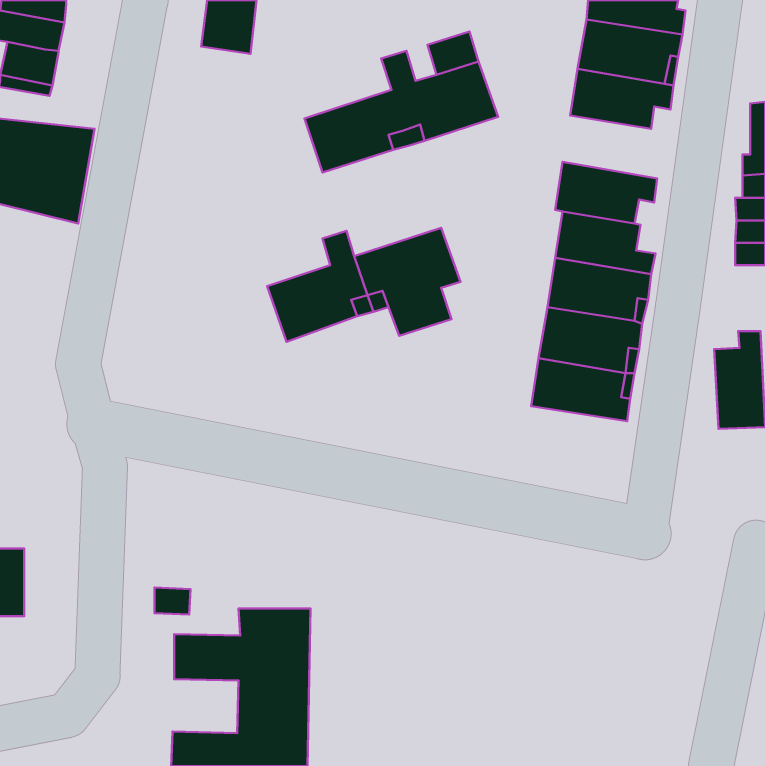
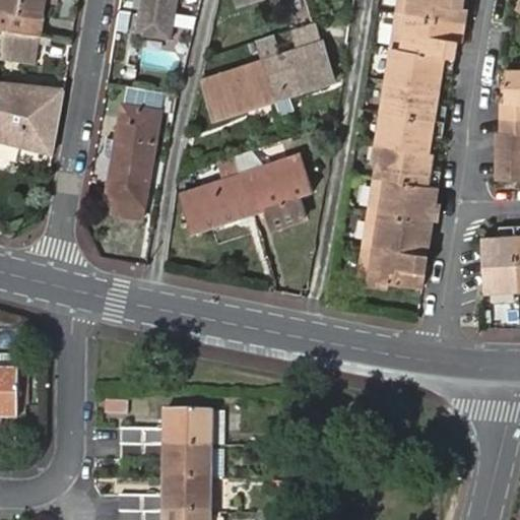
building: none -> [381,78,448,121]
building: none -> [106,84,165,206]

